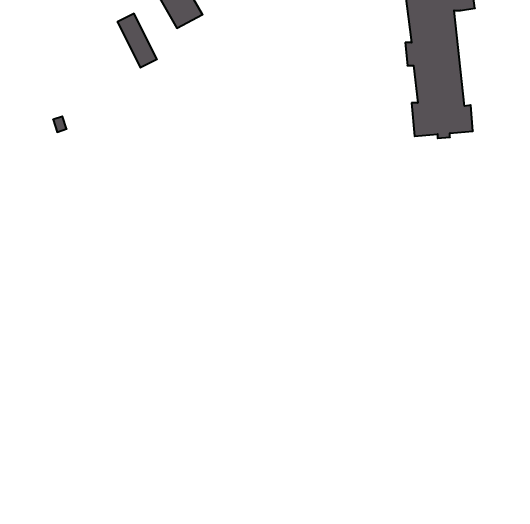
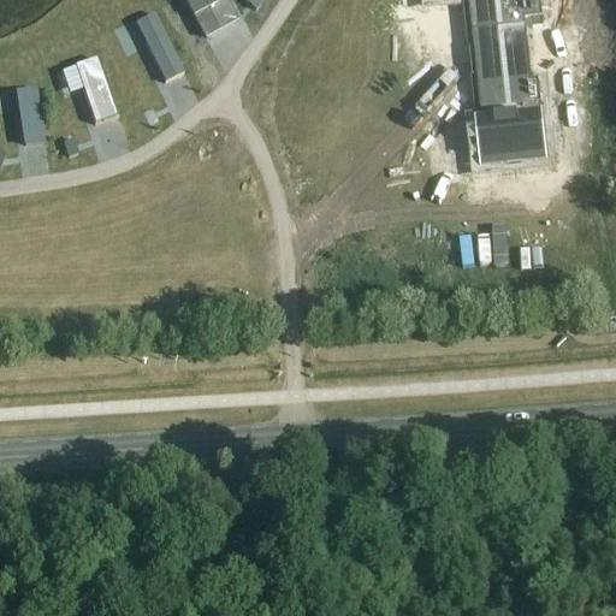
building: none -> [76,58,114,119]
building: none -> [16,84,43,140]

